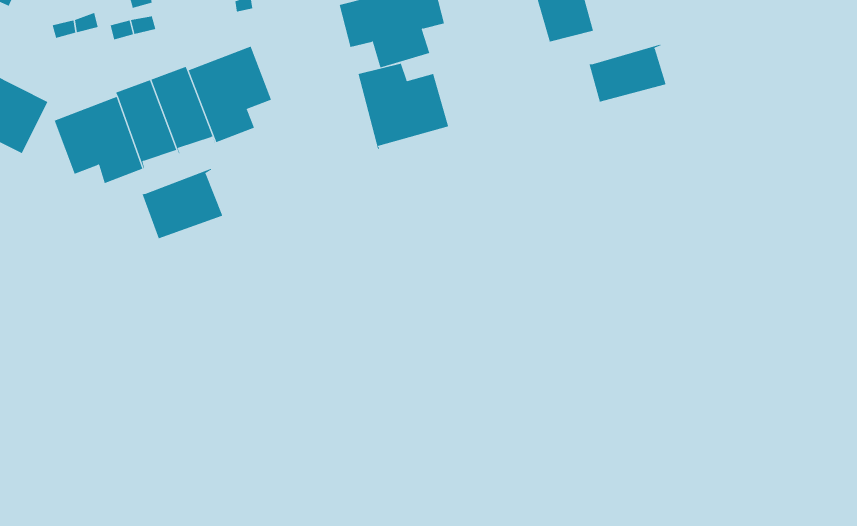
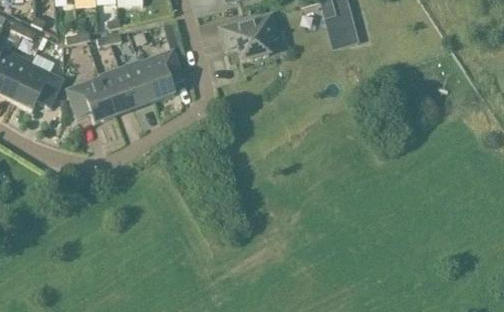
building: [589,44,670,103] -> none
building: [358,63,449,150] -> none
building: [142,168,226,239] -> none

